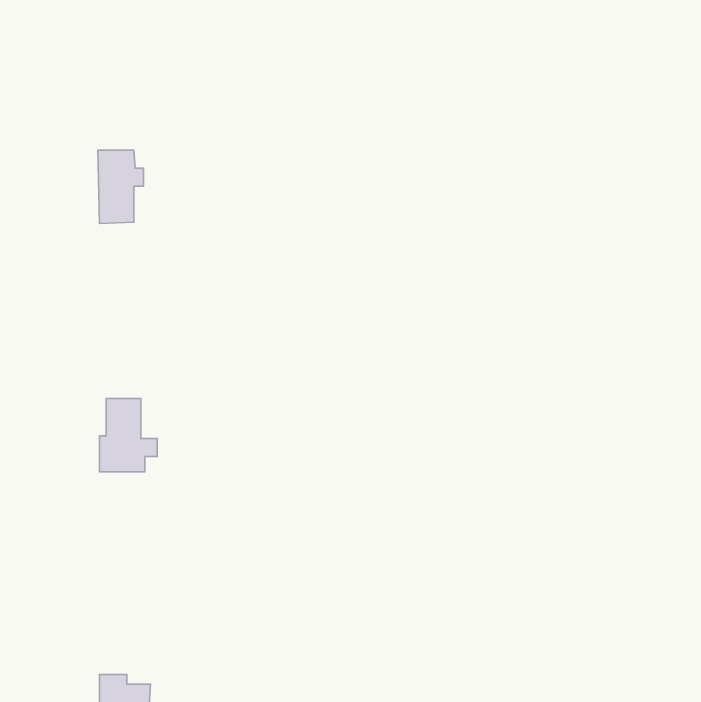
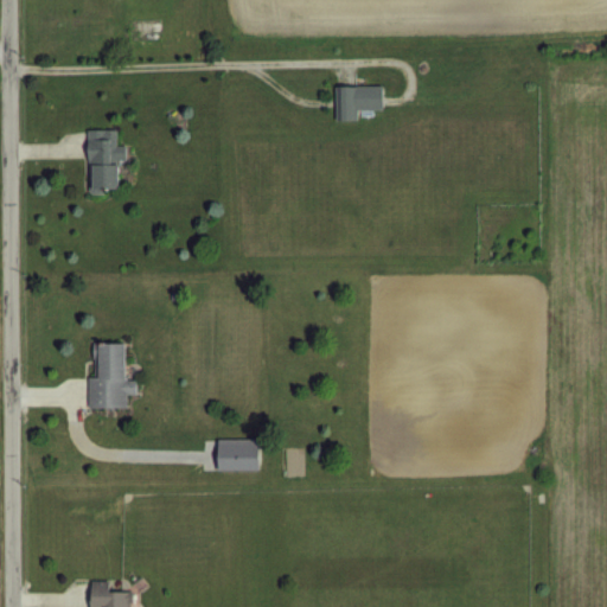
building: none -> [337,85,384,121]
building: none -> [216,441,258,472]

